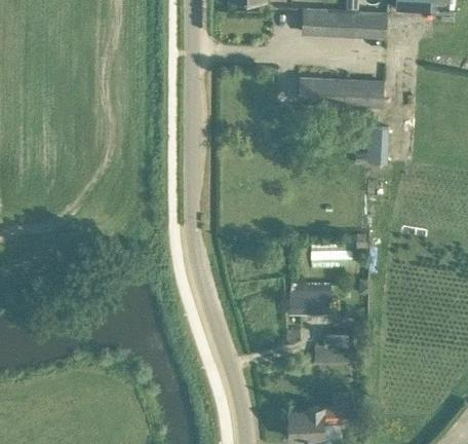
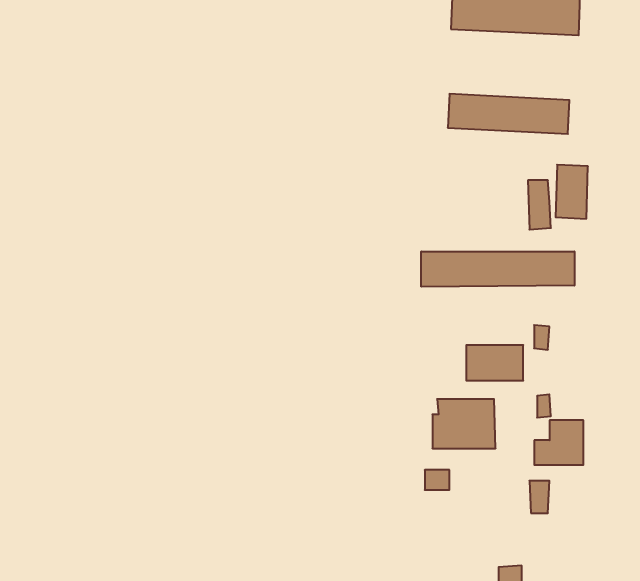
building: none -> [421,251,574,287]
building: [315,333,348,363] -> [534,420,583,465]

